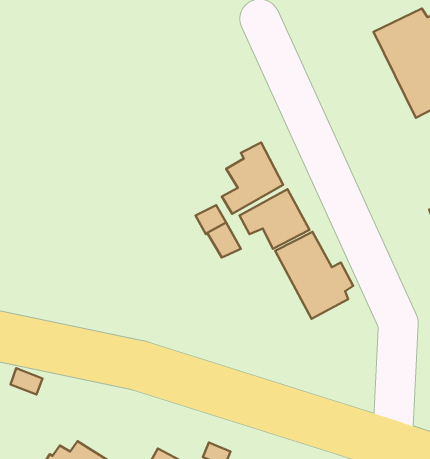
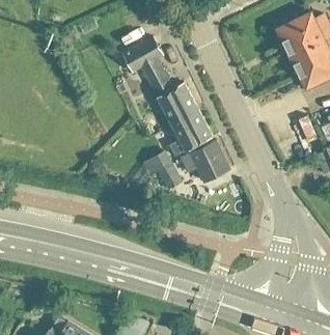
building: none -> [121,36,197,125]
building: [275,232,353,319] -> none

